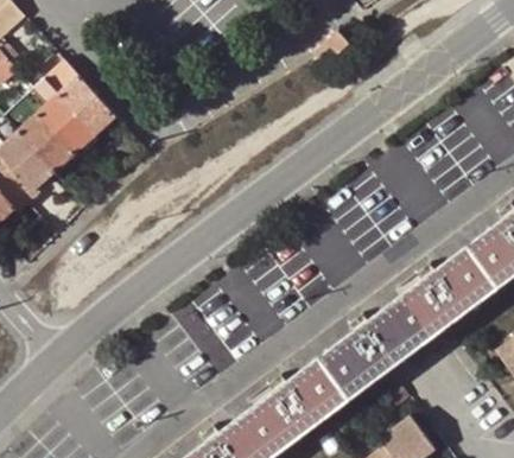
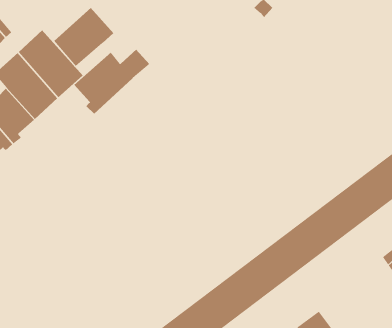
building: none -> [53,7,114,67]
building: none -> [73,49,150,115]

